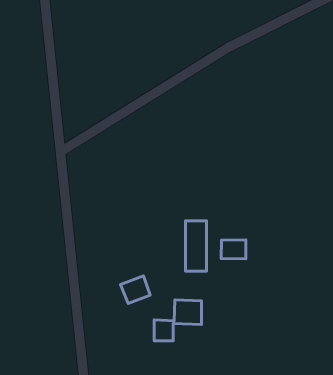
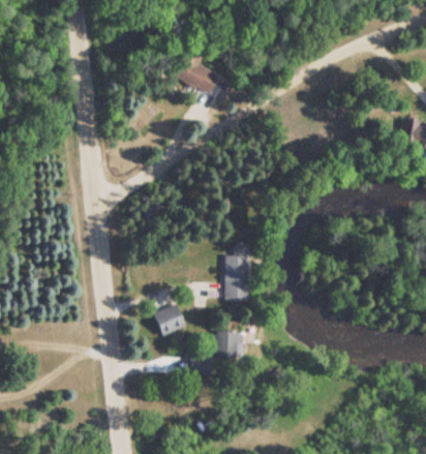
building: none -> [187,65,220,98]
building: [221,240,246,259] -> none

